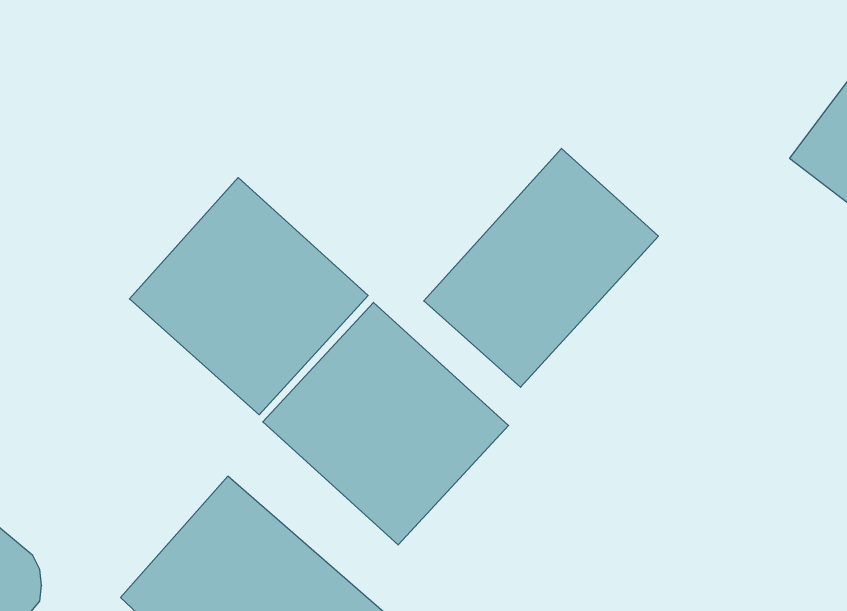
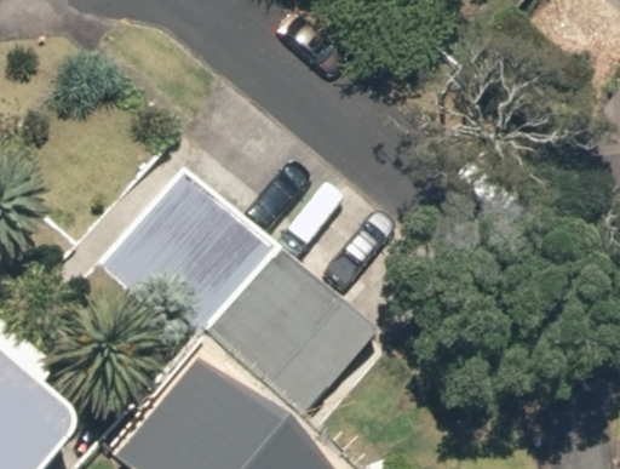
building: [424,148,658,387] -> none

